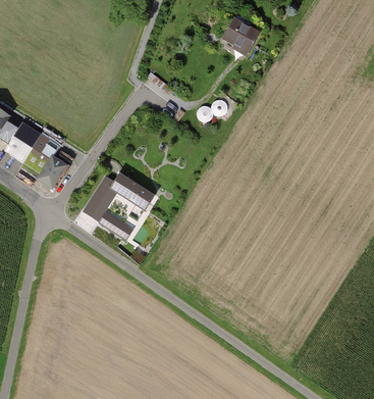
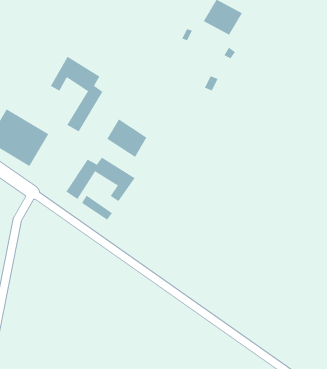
building: none -> [50,56,103,132]
building: none -> [107,118,147,158]

